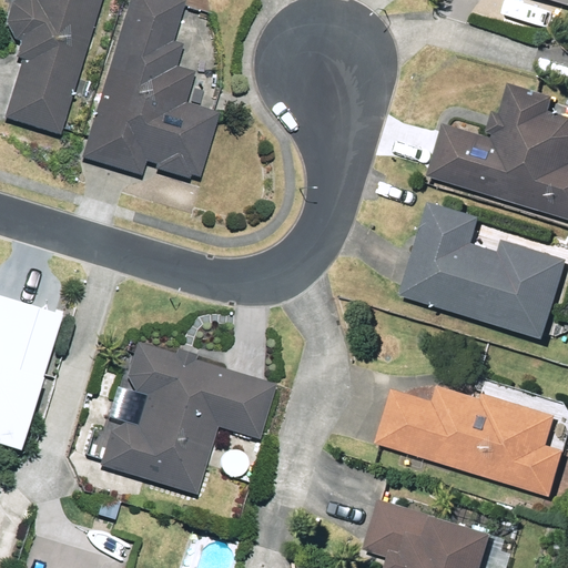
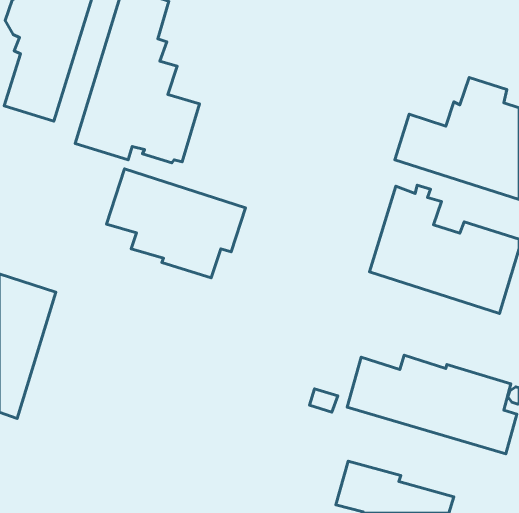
building: none -> [106,169,246,278]
building: [90,345,275,494] -> none

